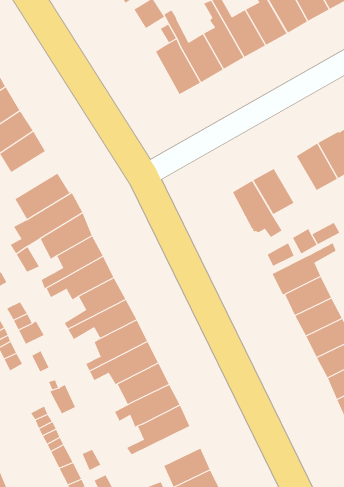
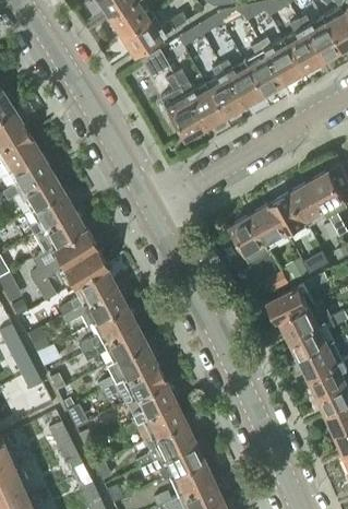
building: none -> [29,189,73,233]
building: none -> [269,193,308,236]
building: none -> [140,439,203,477]

